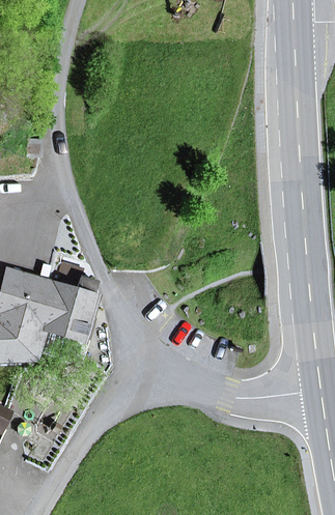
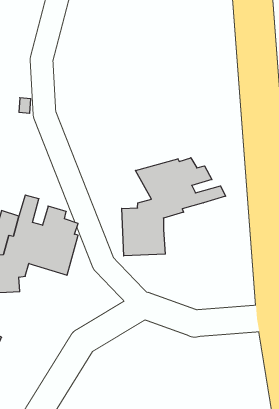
building: none -> [122,158,226,256]

